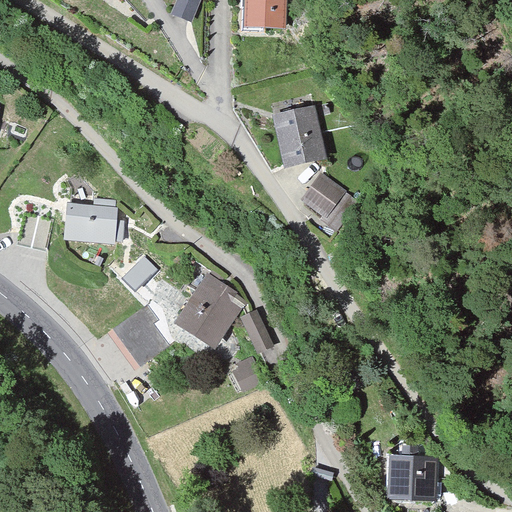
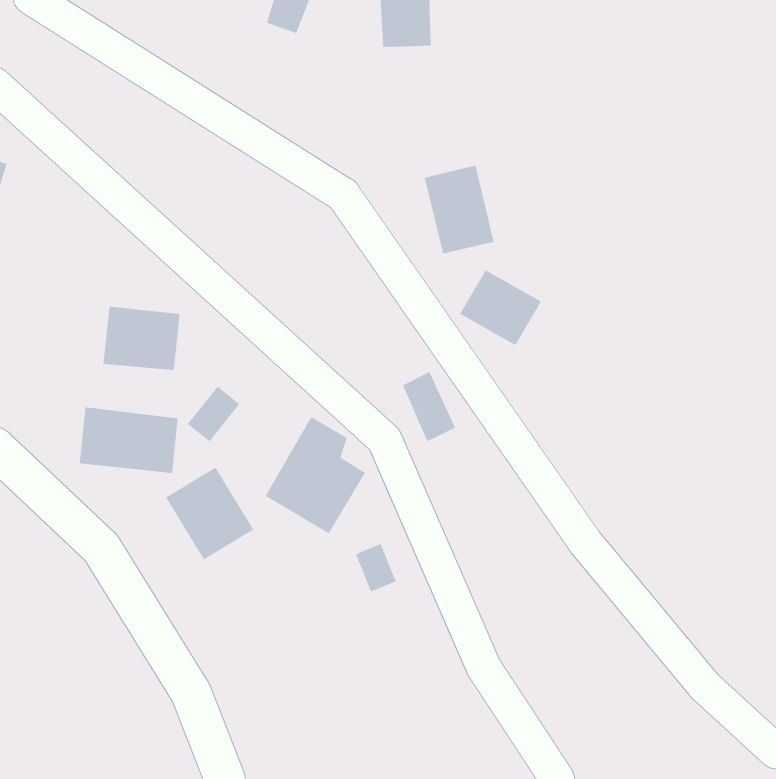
building: none -> [79,407,178,474]
building: [240,306,275,352] -> [402,371,456,442]
building: [384,452,431,501] -> none

